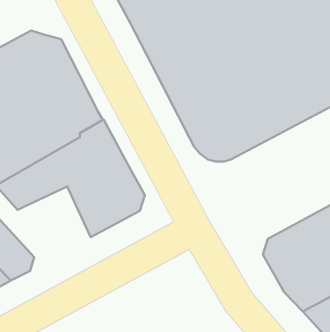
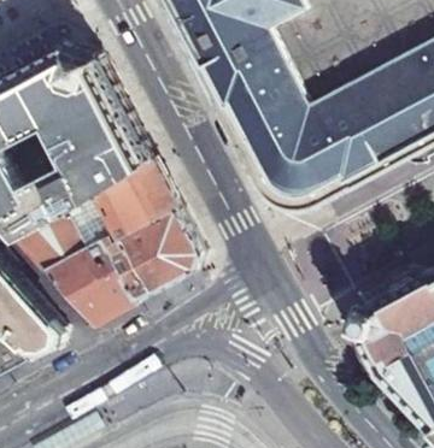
building: none -> [43,240,134,324]

